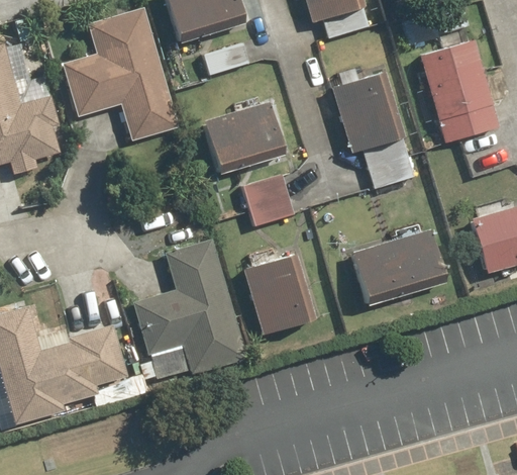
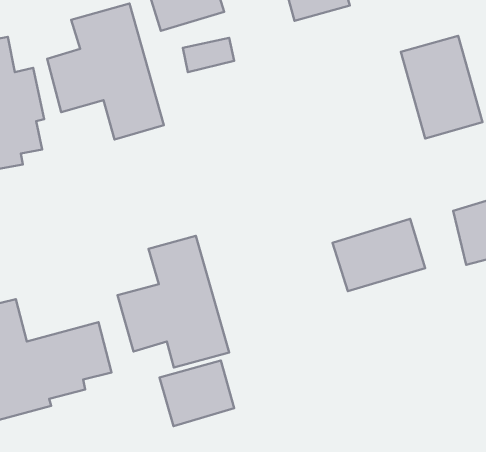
building: [333,71,416,193] -> none
building: [204,102,282,164] -> none
building: [241,172,295,226] -> none
building: [243,253,318,338] -> none
building: none -> [160,361,234,426]

